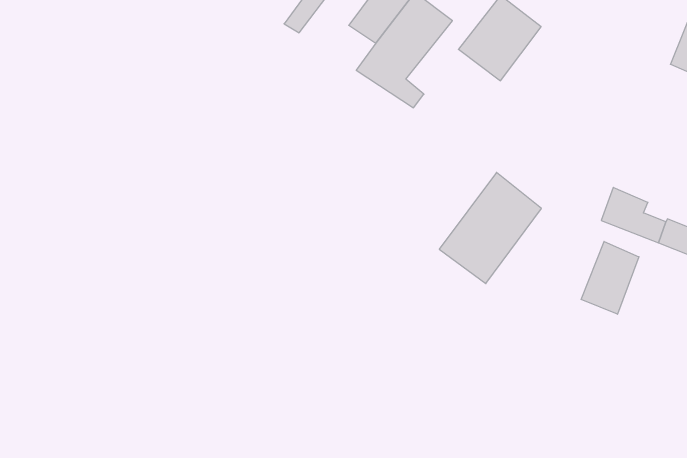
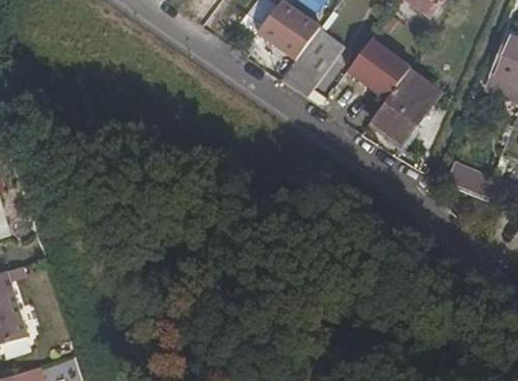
building: [439,172,541,284] -> [372,68,442,144]
building: [581,241,639,314] -> none

